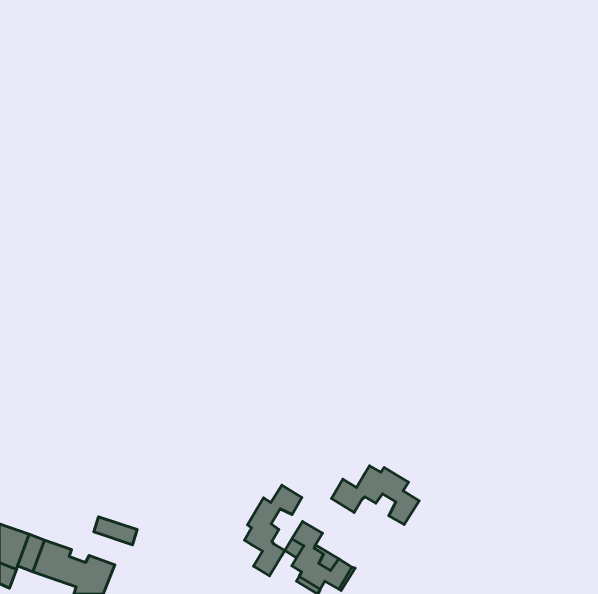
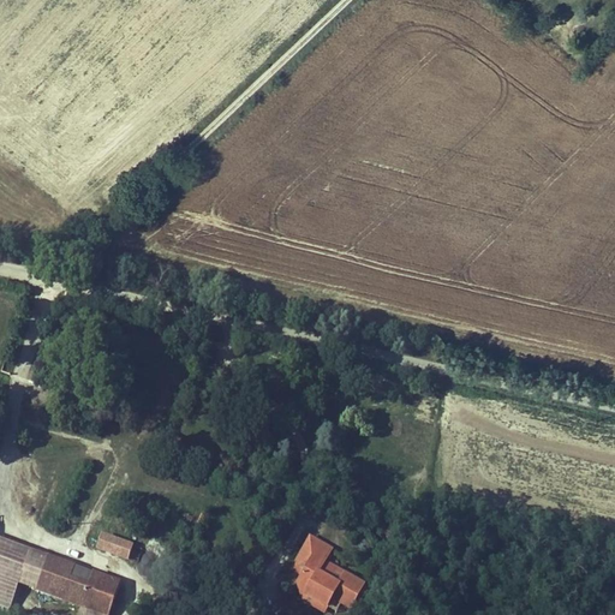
building: [331,466,419,524] -> none
building: [244,485,302,576] -> none

